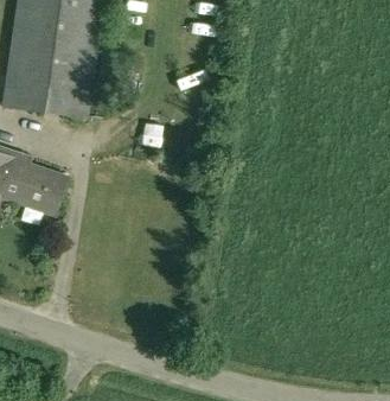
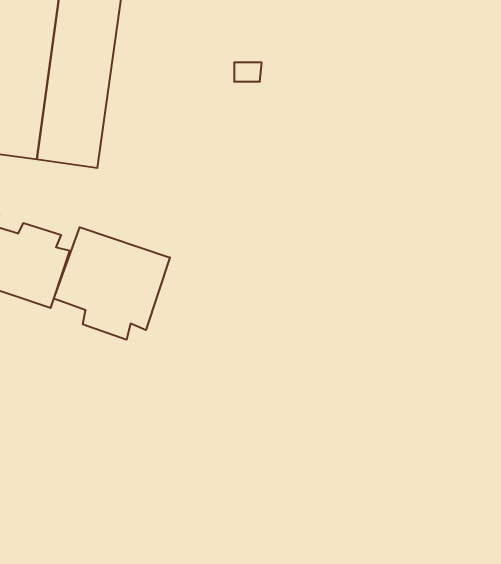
building: none -> [54,227,170,340]

